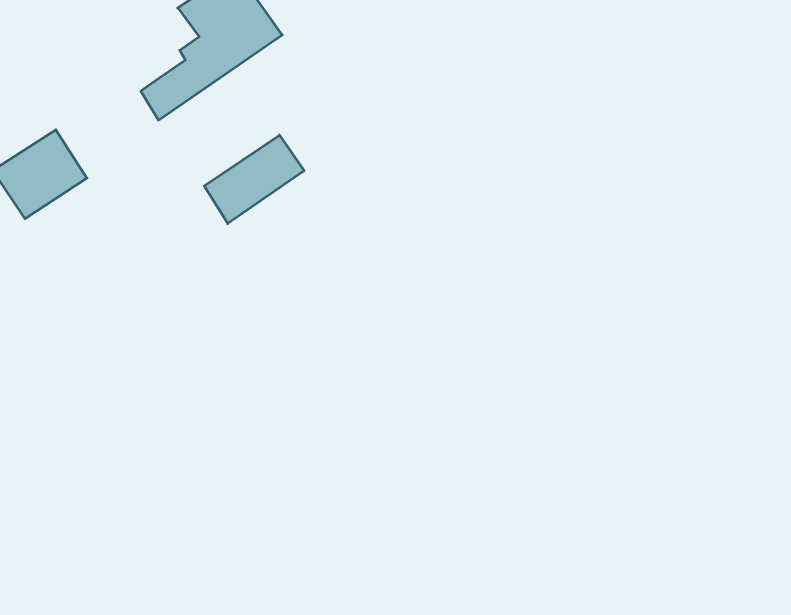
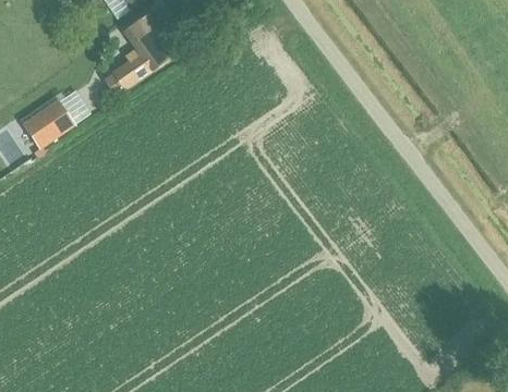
building: [204,135,304,224] -> none

